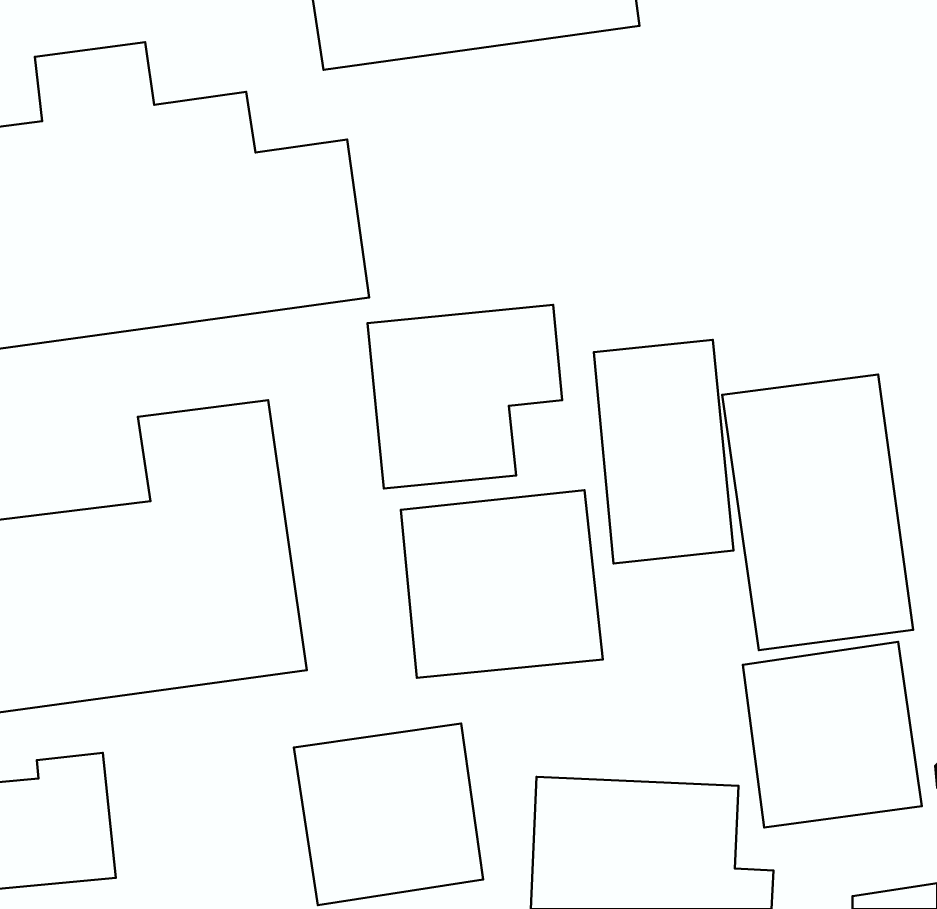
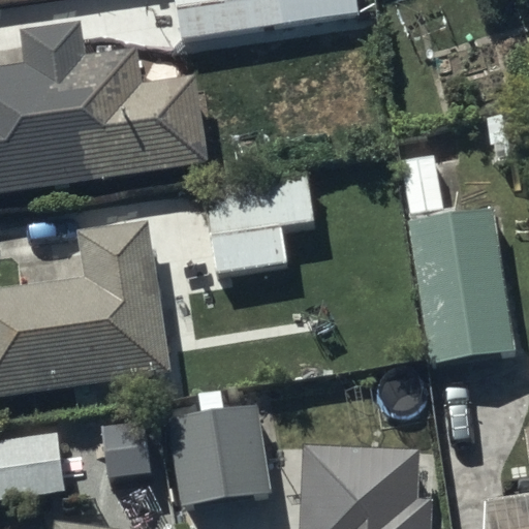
building: [594,340,734,563] -> none
building: [401,490,603,678] -> none
building: [743,642,922,828] -> none

